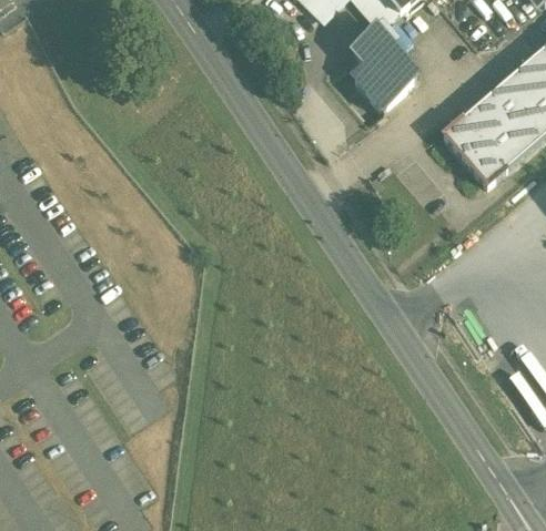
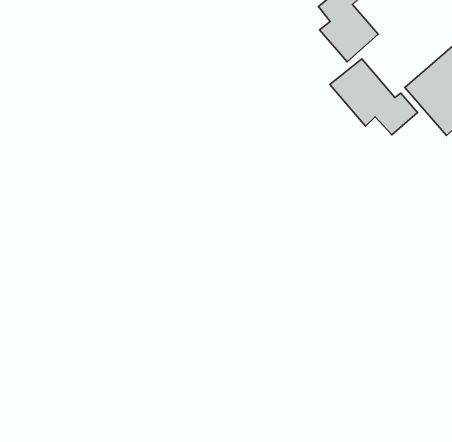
building: none -> [330,59,417,135]

